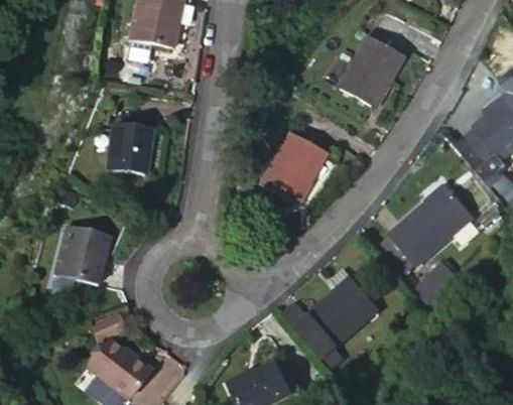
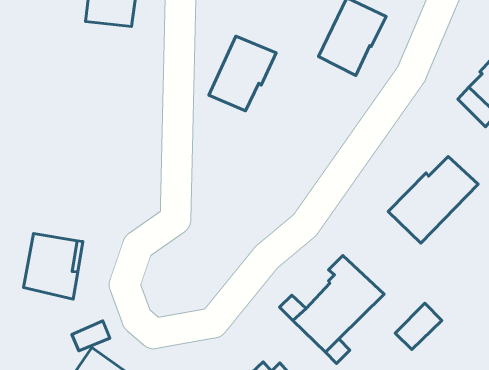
building: [108,123,151,175] -> none
building: [261,134,326,202] -> [209,36,276,111]
building: [414,259,458,300] -> [395,303,442,350]

